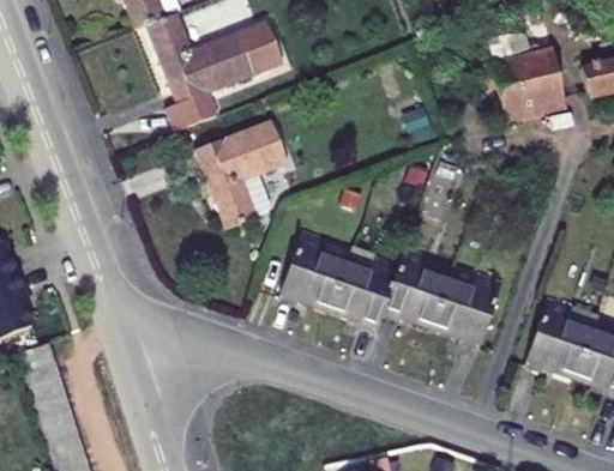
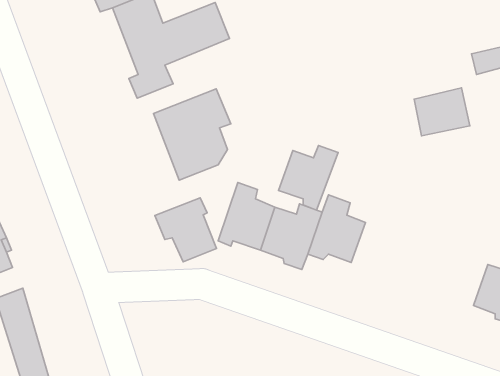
building: [487,62,552,119] -> [414,88,470,136]
building: none -> [155,198,216,262]
building: [433,268,502,344] -> [279,145,338,210]
building: [525,294,592,372] -> none

